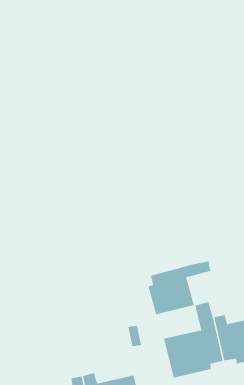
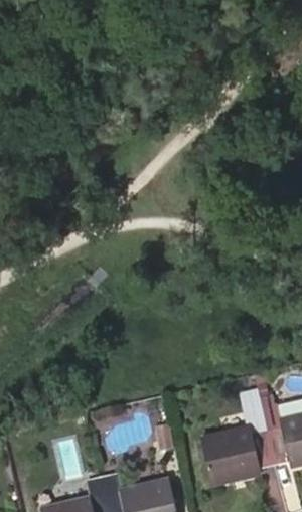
building: [148,261,211,315] -> none

